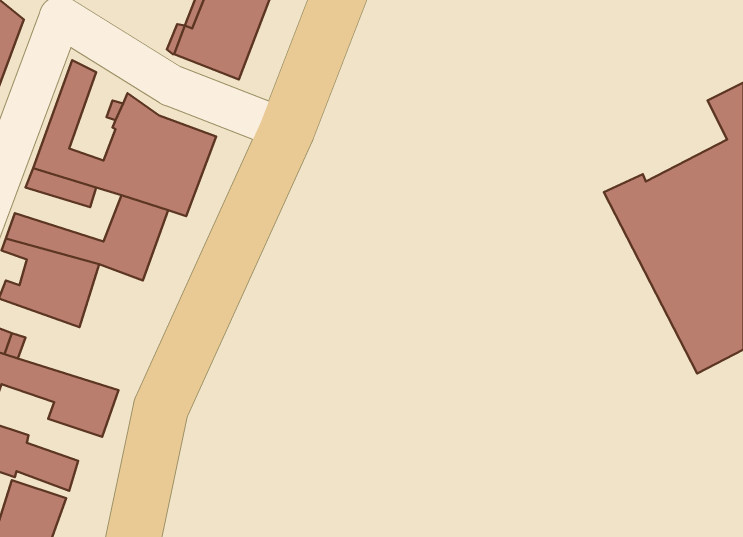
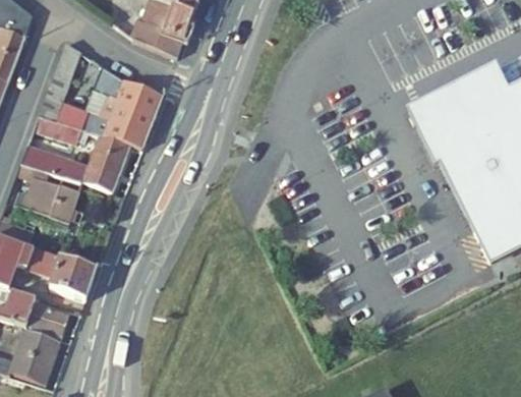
building: none -> [413,70,508,132]

